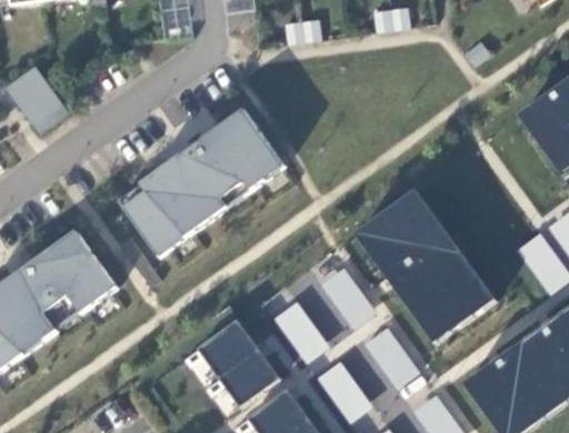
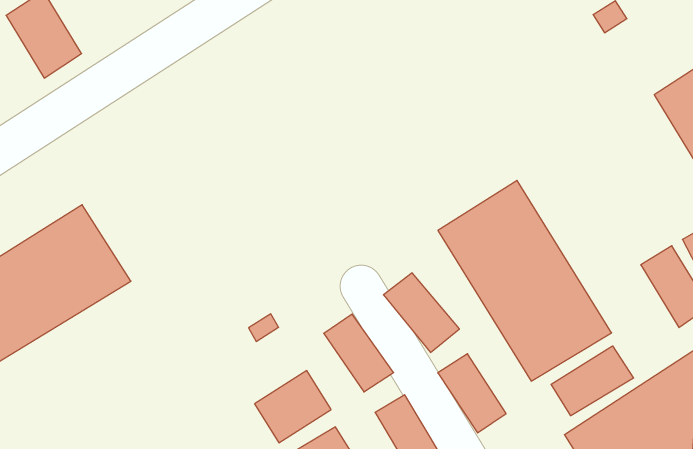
building: [118,108,284,255] -> none
building: none -> [551,346,634,416]
building: [200,316,260,374] -> none

